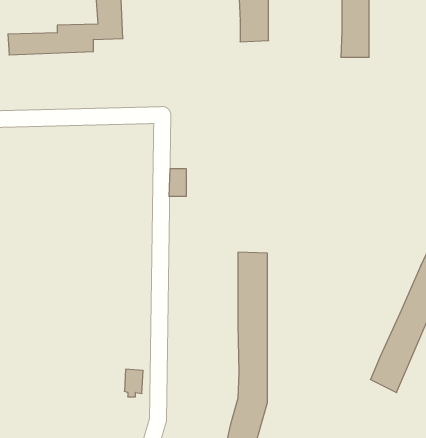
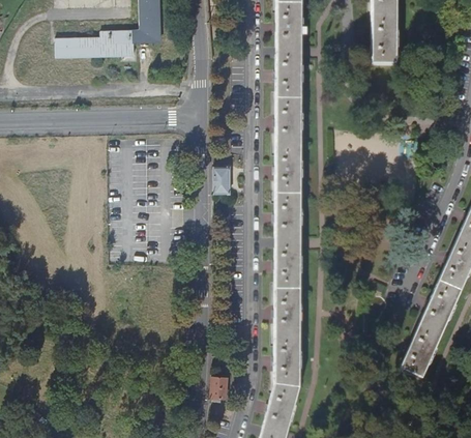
building: none -> [274,55,302,238]
building: [124,369,143,397] -> [210,376,228,402]

